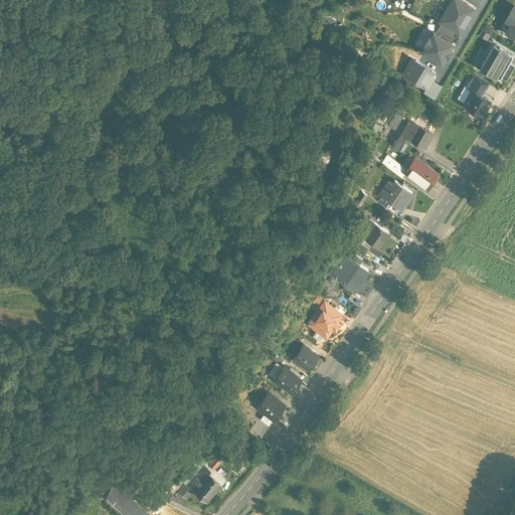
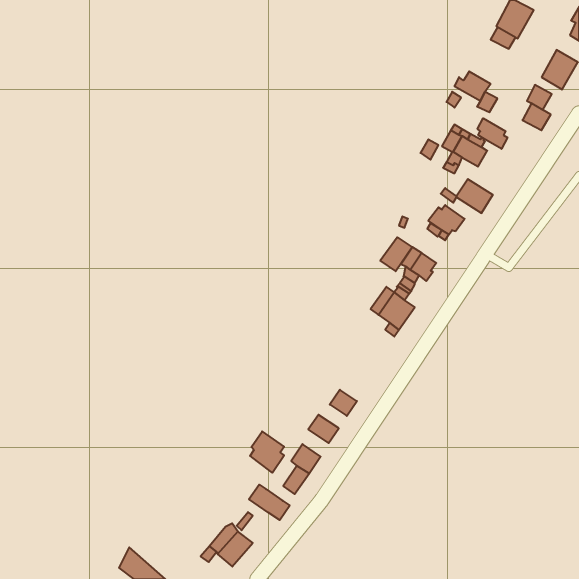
building: [422,33,453,63] -> none
building: none -> [477,118,507,149]
building: none -> [380,237,412,271]
building: [312,305,342,339] -> none
building: none -> [250,431,284,473]
building: none -> [249,485,290,520]

